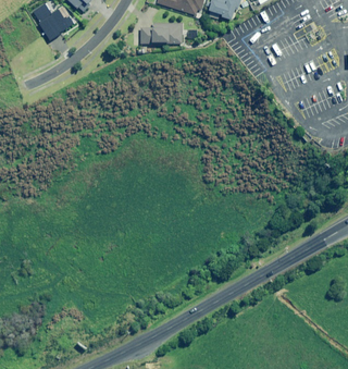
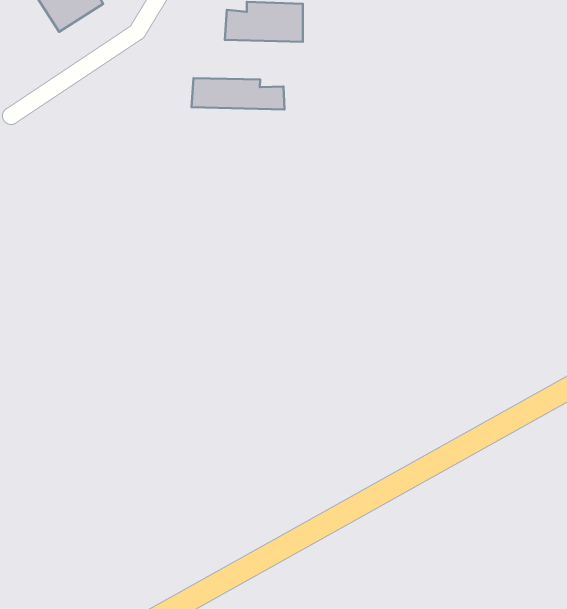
building: none -> [192,78,285,109]

